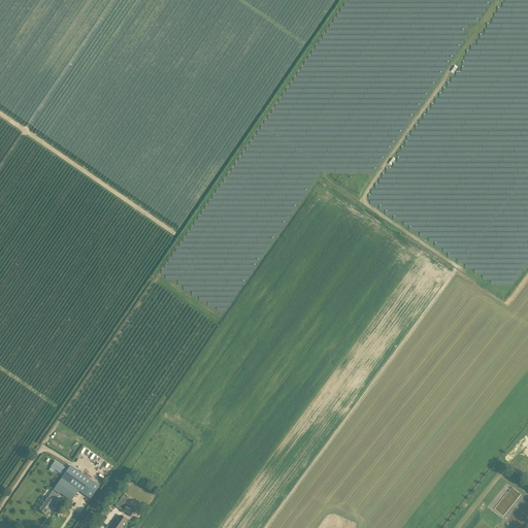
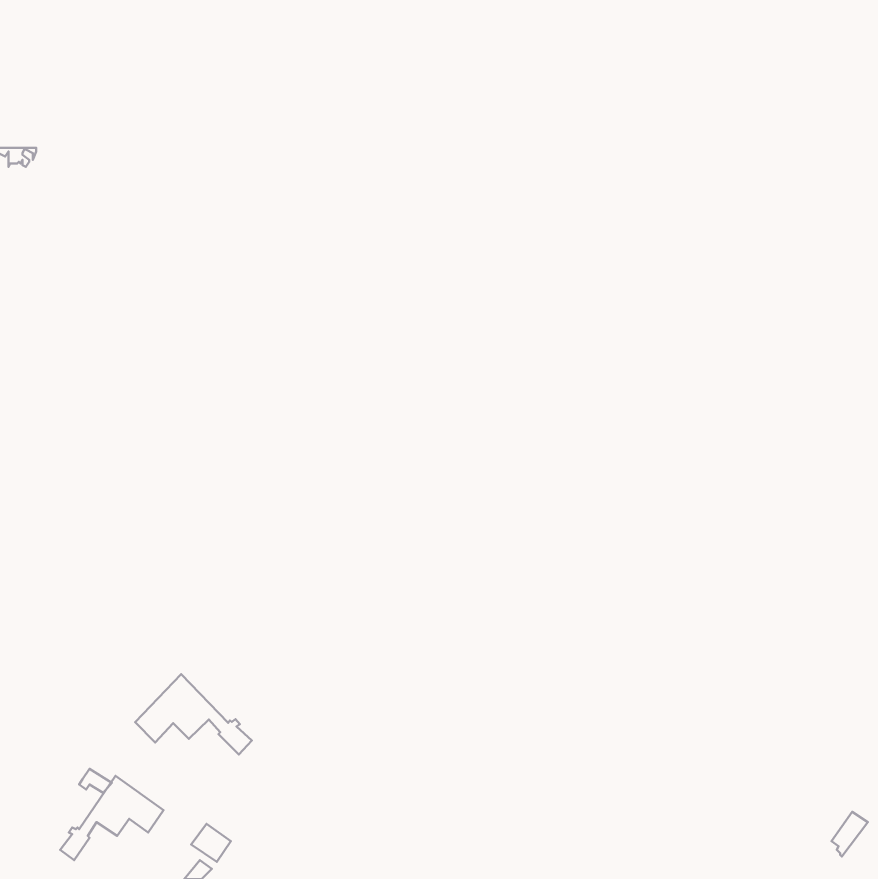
building: none -> [135,674,252,755]

